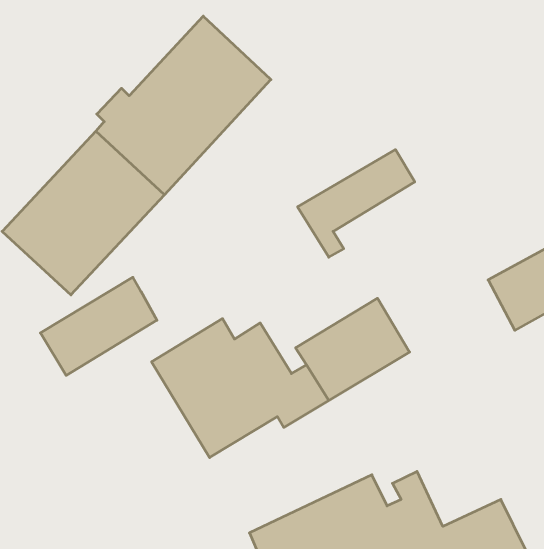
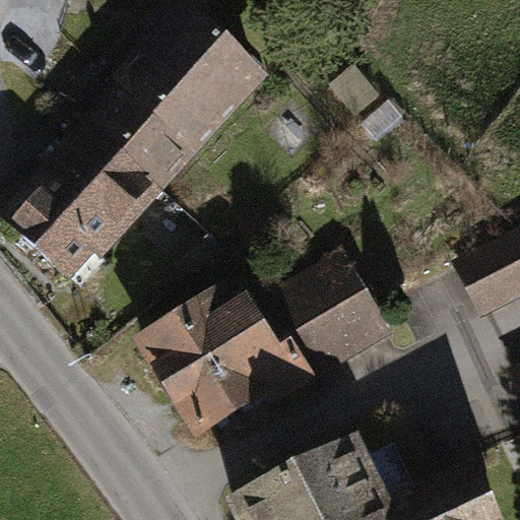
building: [298,150,415,257] -> [251,252,362,353]
building: [40,277,157,375] -> none

